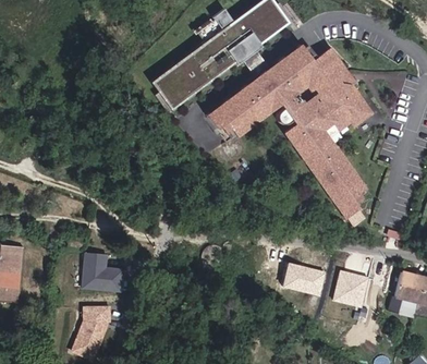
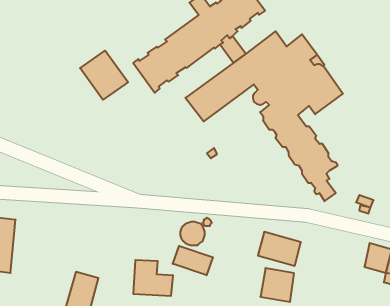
building: none -> [80,51,128,100]
building: [82,251,124,289] -> [133,260,173,296]
building: [333,269,369,305] -> [260,268,294,302]
building: none -> [173,246,213,275]

